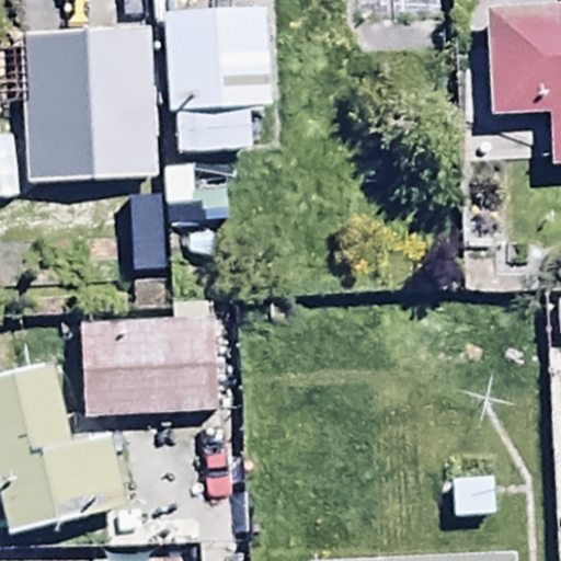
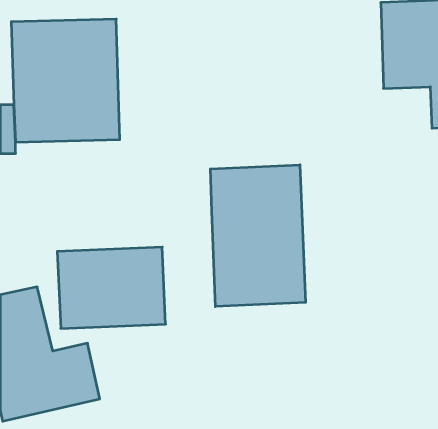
building: [165,13,266,147] -> none
building: none -> [210,165,306,307]

